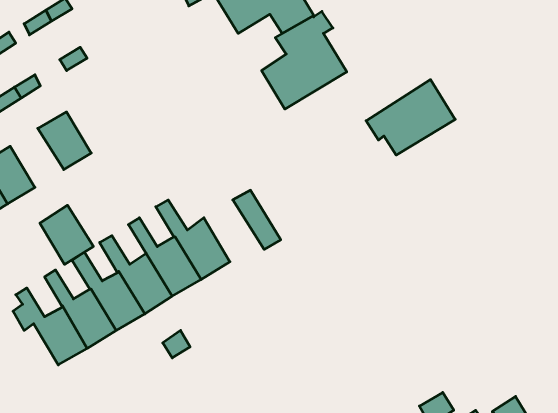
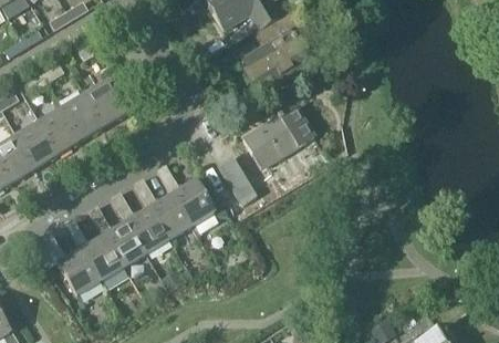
building: [366,80,455,155] -> [242,104,314,165]
building: none -> [84,79,128,126]
building: [40,205,93,264] -> [39,106,82,154]

